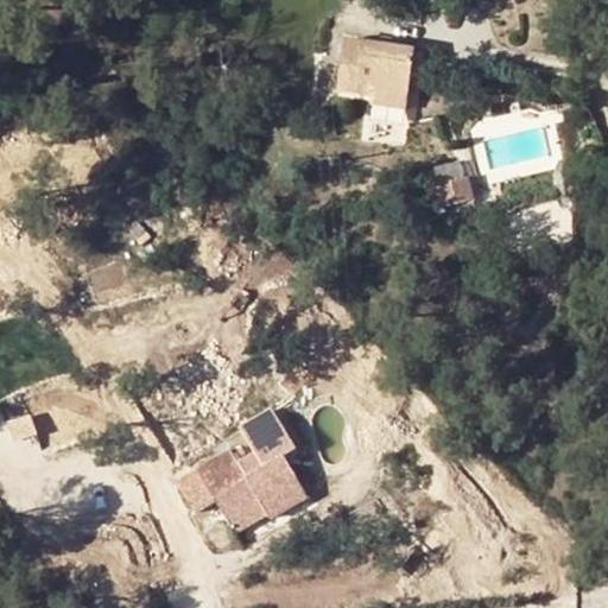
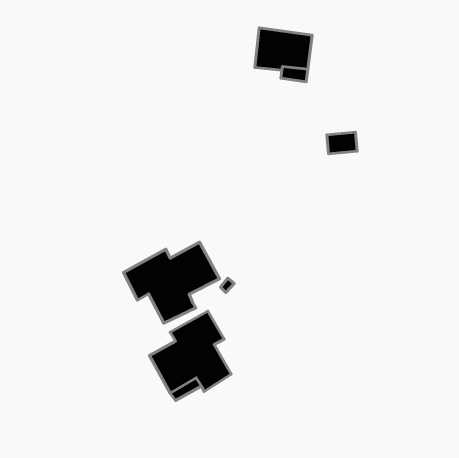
building: none -> [123,242,219,323]

